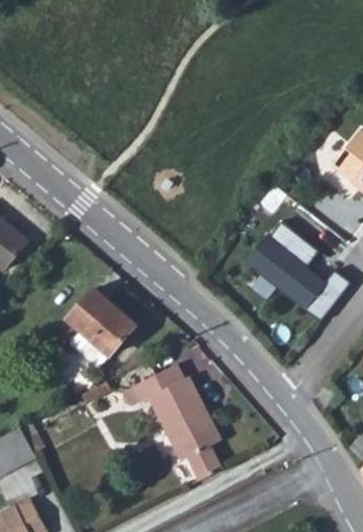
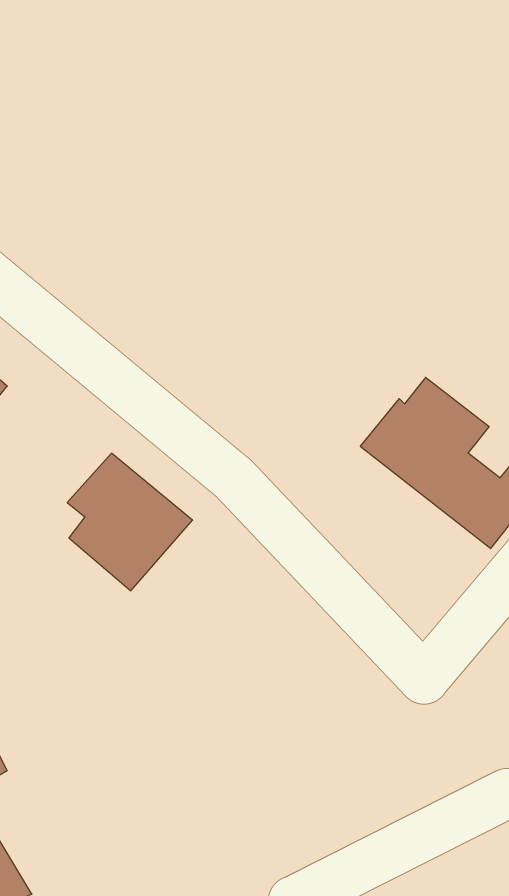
building: [115,364,223,480] -> none

